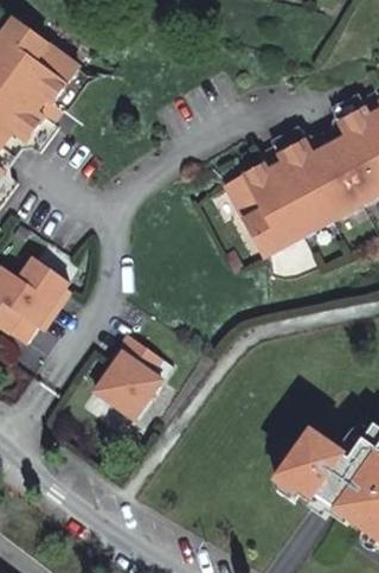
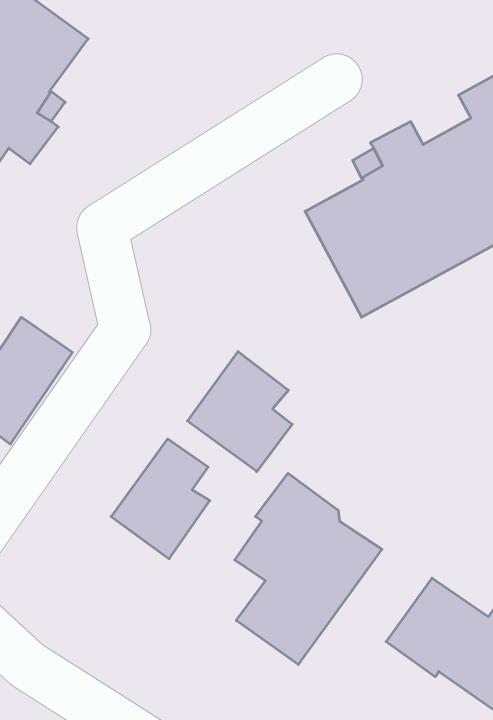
building: none -> [187,351,292,472]
building: none -> [235,473,382,665]

